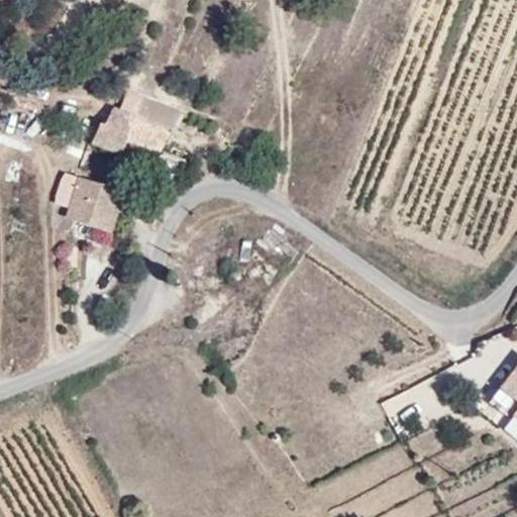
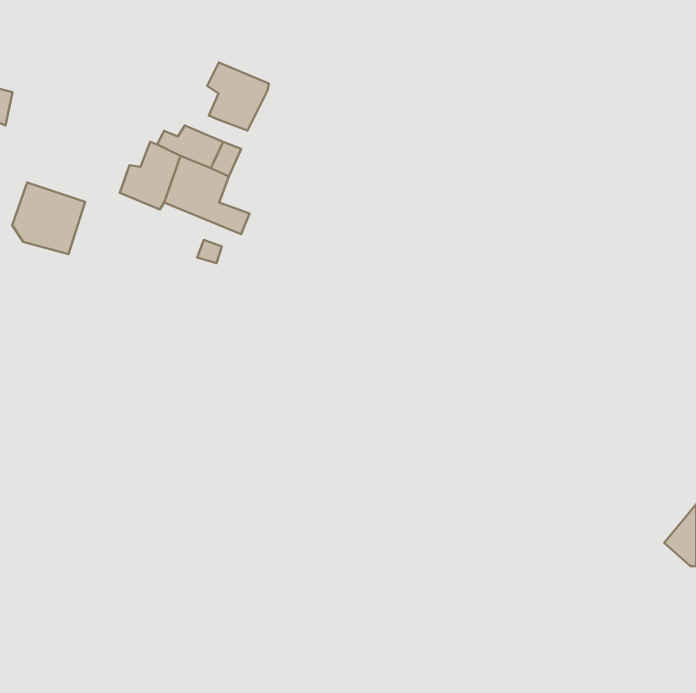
building: none -> [207,62,269,131]
building: [68,177,121,229] -> [12,182,85,254]

